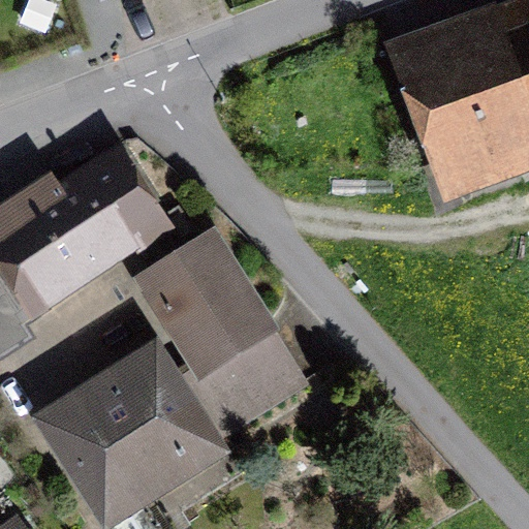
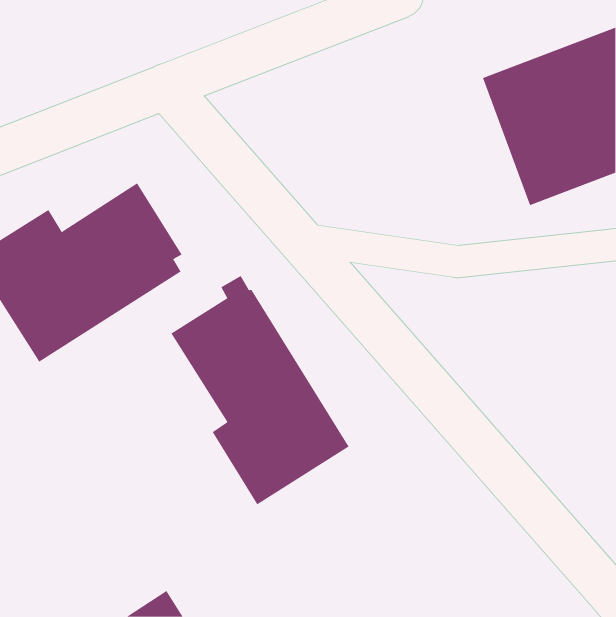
building: [42,350,205,504] -> none

